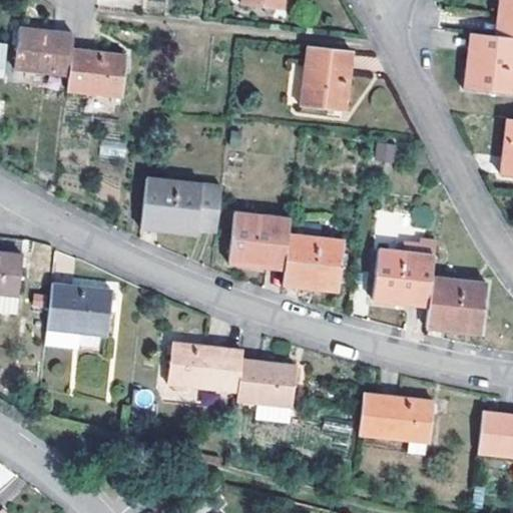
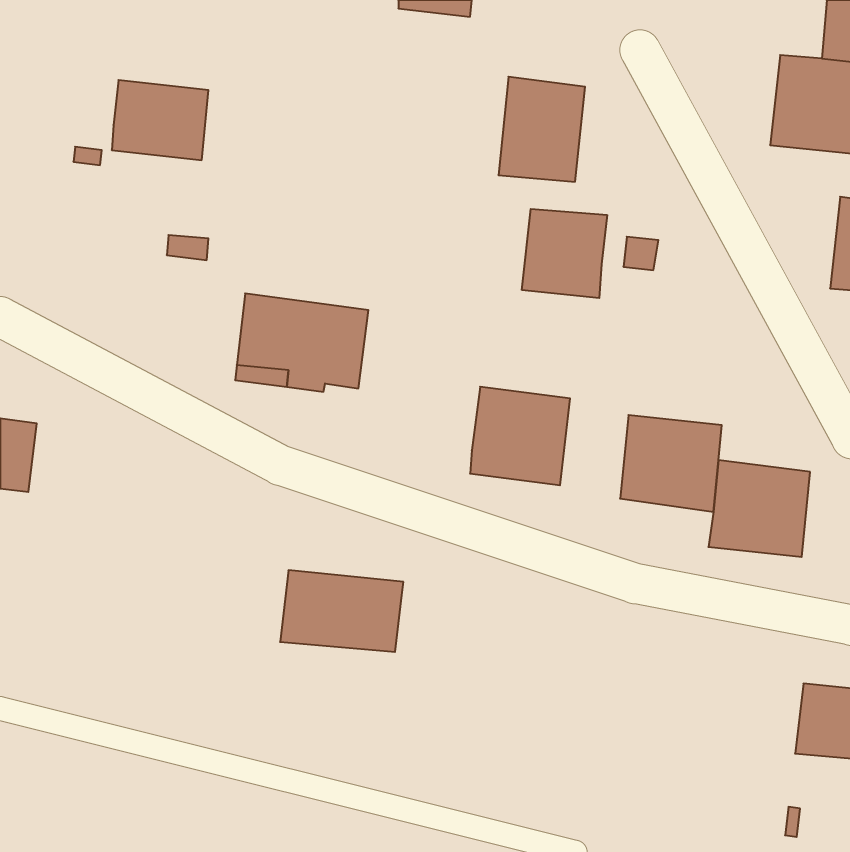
building: [15,28,74,75] -> none
building: none -> [522,209,607,298]
building: [229,212,291,271] -> none
building: [47,284,112,337] -> none
building: [237,358,296,406] -> none
building: [359,392,434,452] -> none

